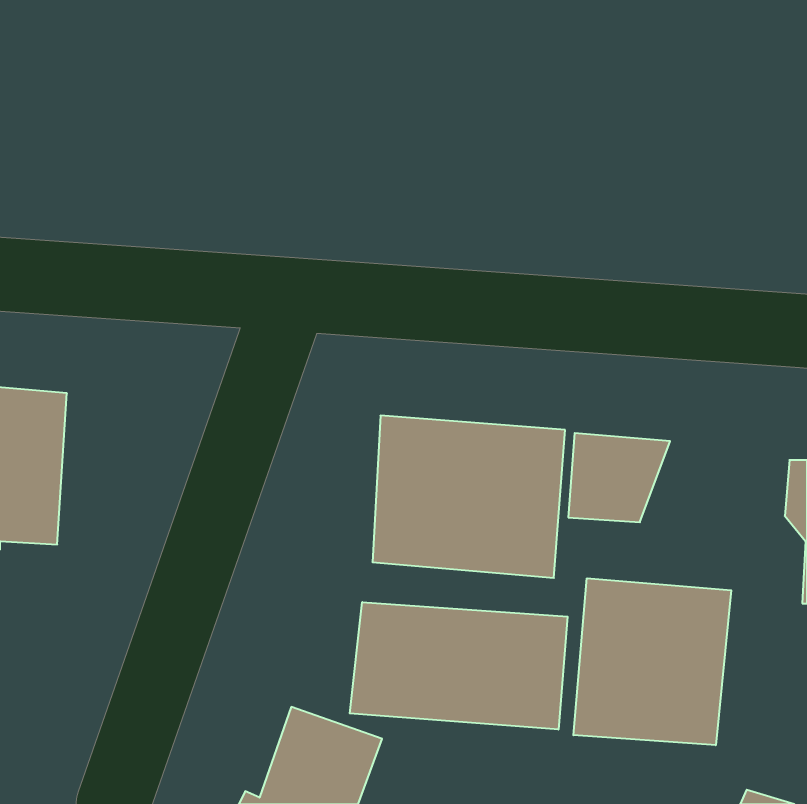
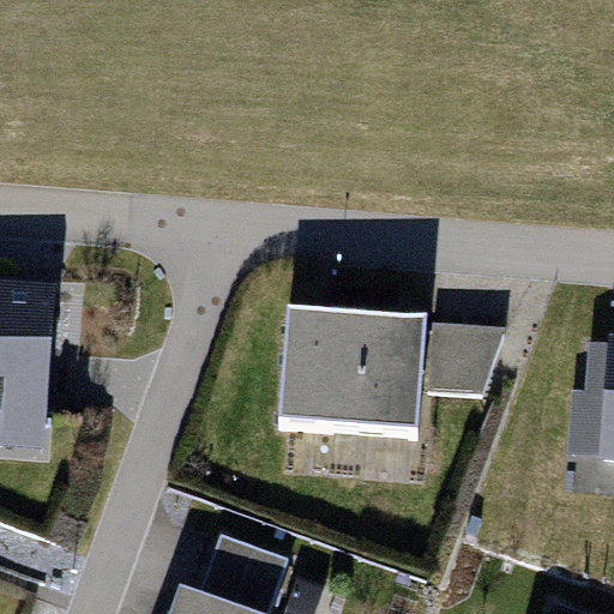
building: [573,578,731,745] -> none
building: [350,602,568,730] -> none

